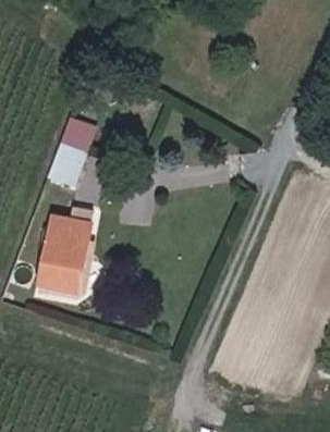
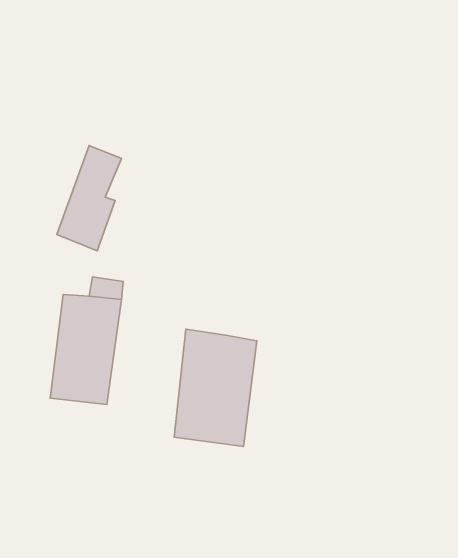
building: none -> [174,329,257,446]

